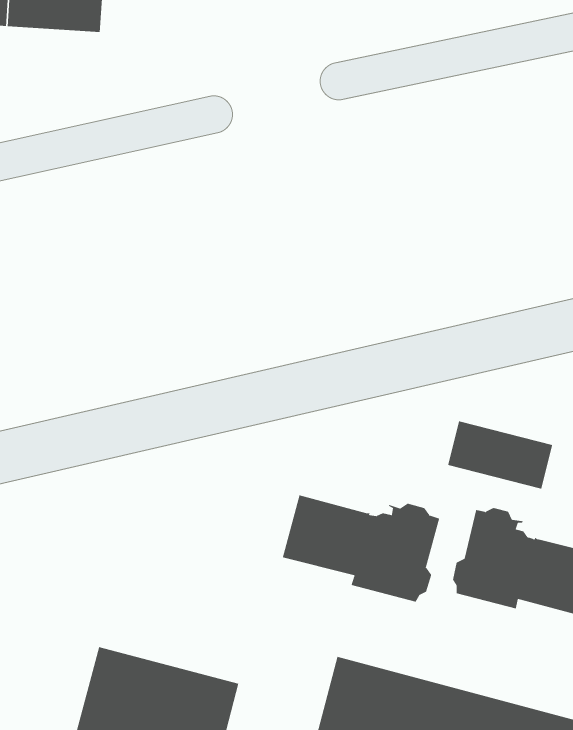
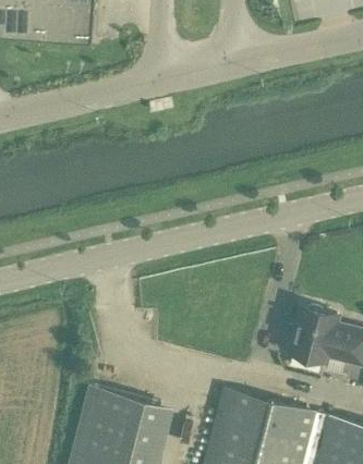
building: [447,420,553,490] -> none
building: [282,495,440,602] -> none

